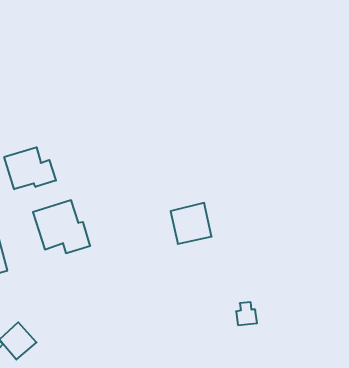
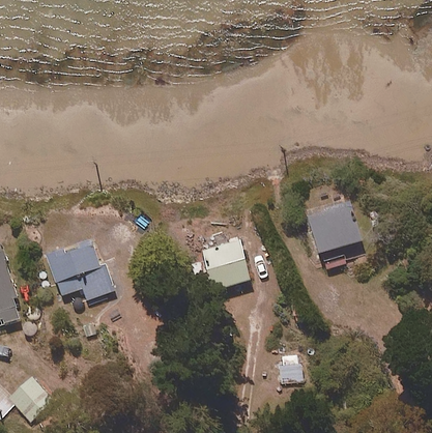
building: [4,147,56,189] -> none
building: none -> [308,206,359,269]

